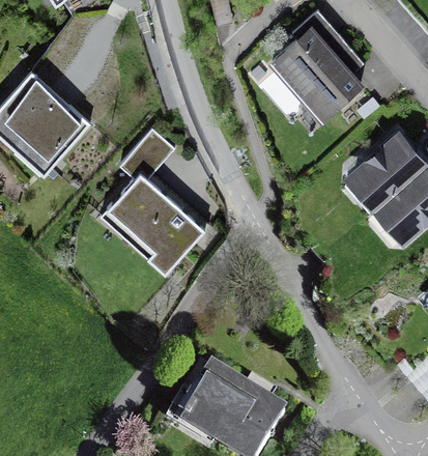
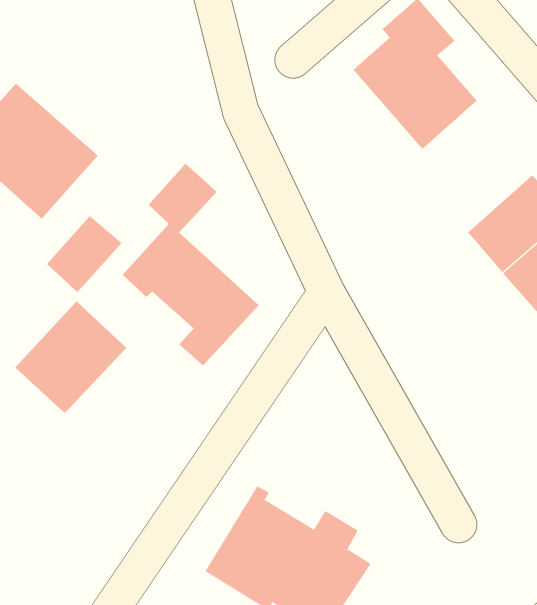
building: none -> [46,215,122,293]
building: none -> [14,301,127,414]

